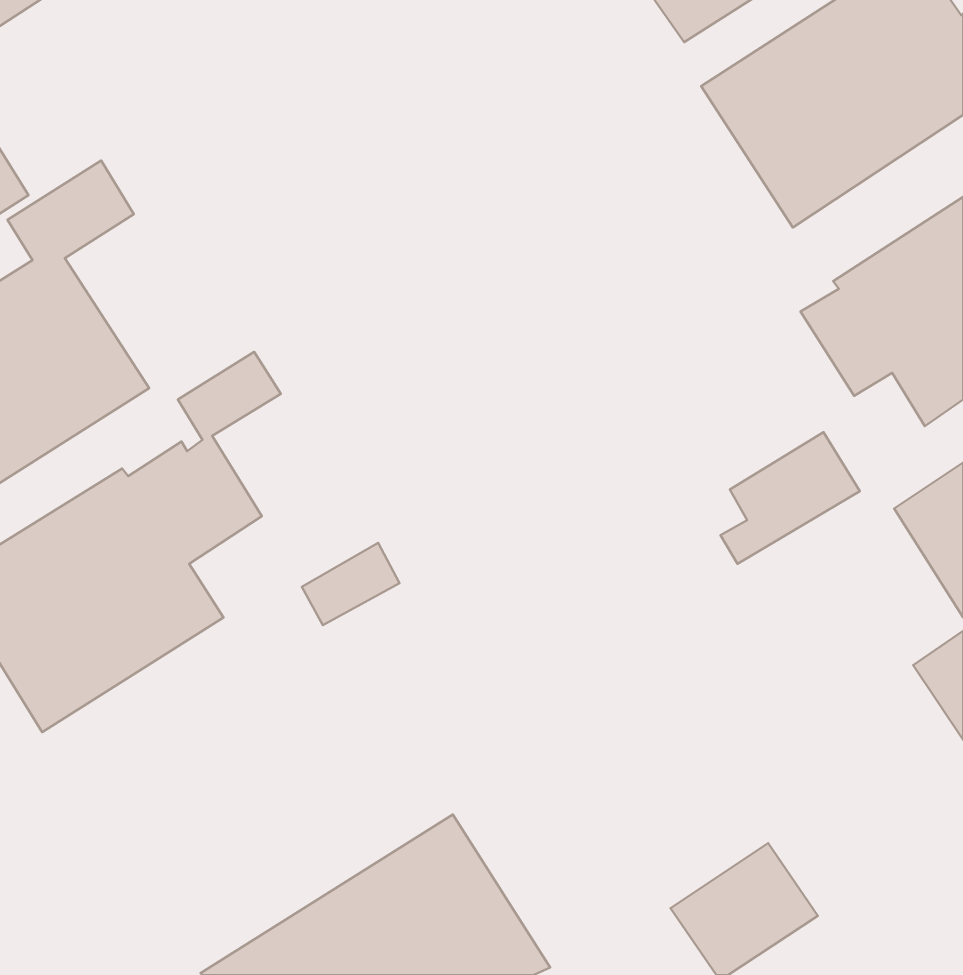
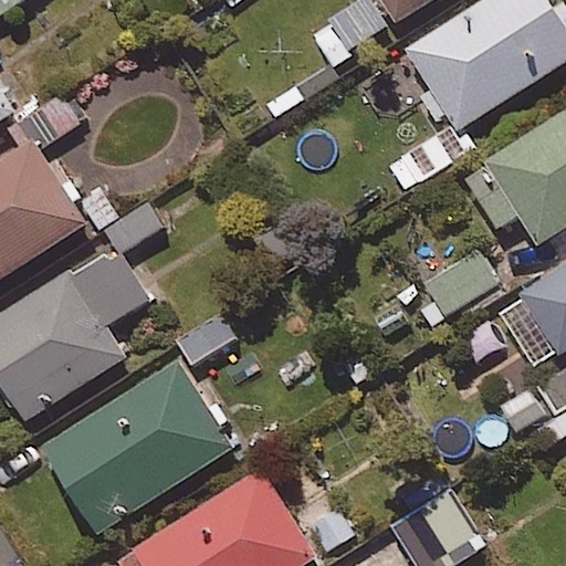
building: none -> [41,363,233,536]

